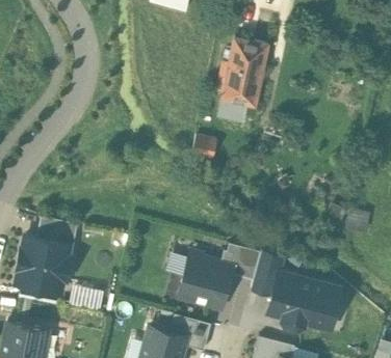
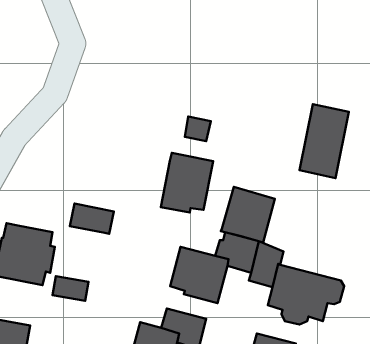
building: [221,38,267,107] -> [299,104,349,178]
building: none -> [161,153,213,213]
building: none -> [221,187,275,242]
building: [36,217,77,245] -> [70,204,114,234]

